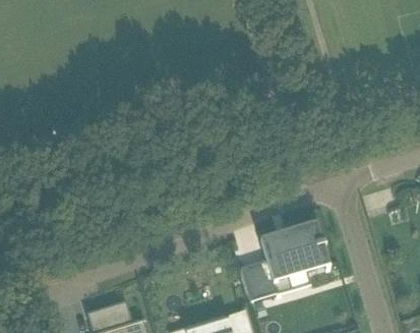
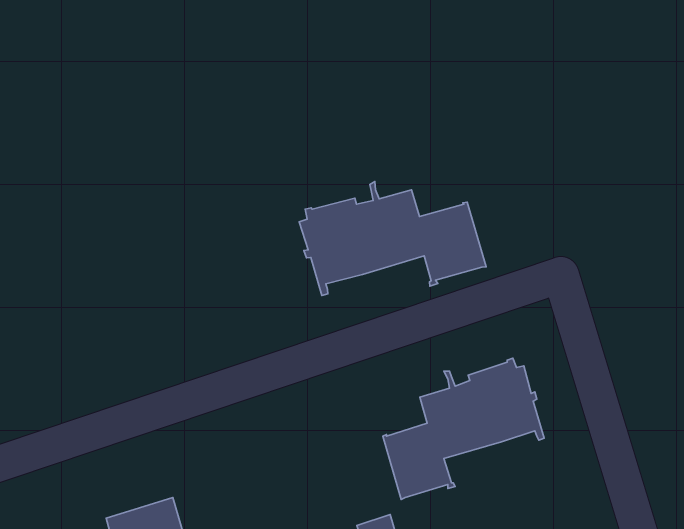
building: none -> [299,181,486,295]

